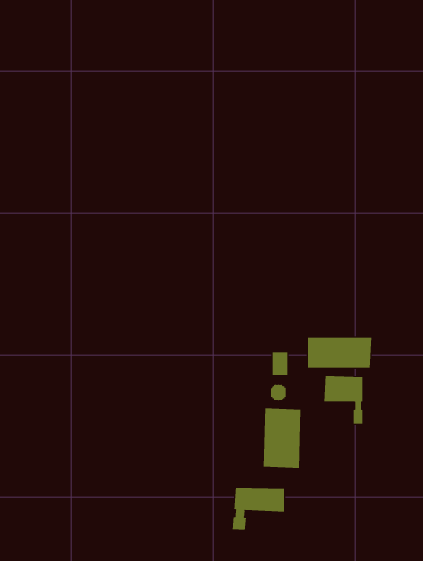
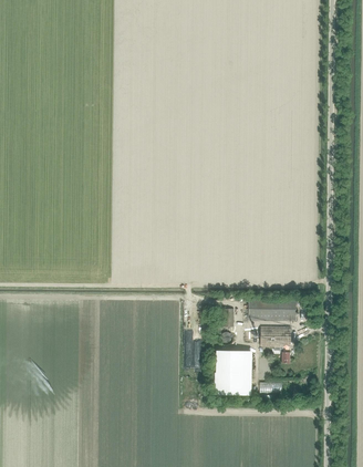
building: [232,487,285,531] -> none

